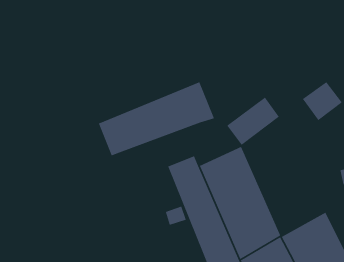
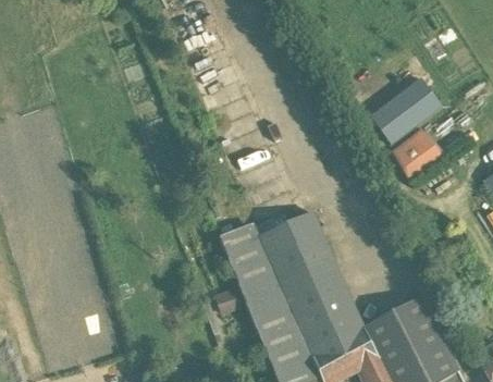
building: [98,81,215,156] -> none
building: [226,96,280,146] -> [371,79,440,143]

